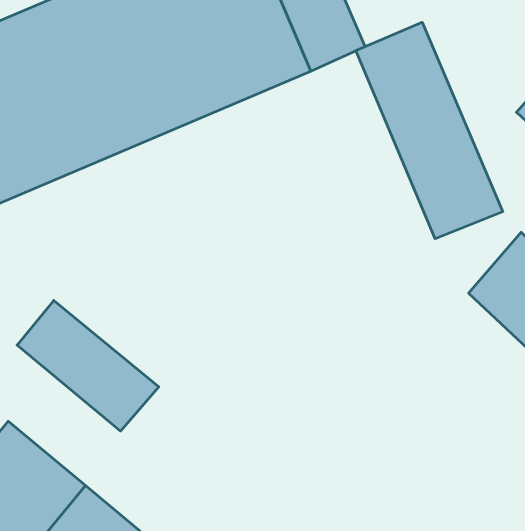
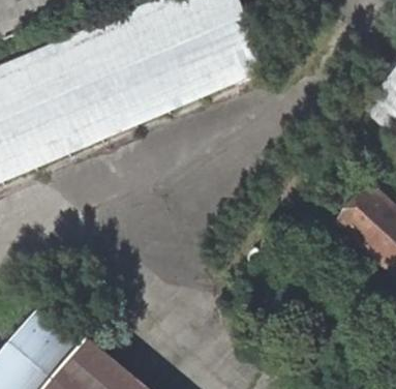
building: [356,22,503,239] -> none
building: [17,300,159,431] -> none

